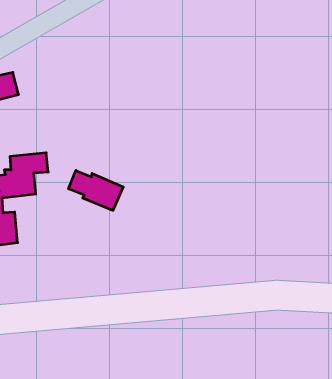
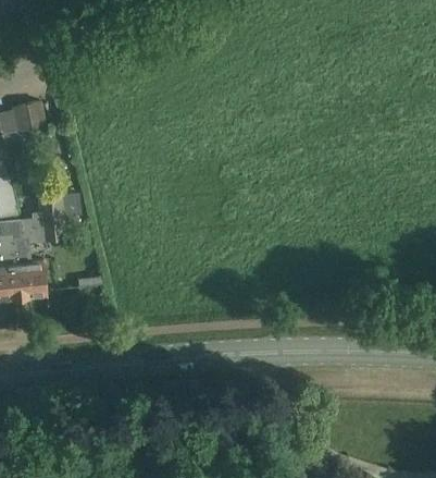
building: [69,170,123,210] -> none

